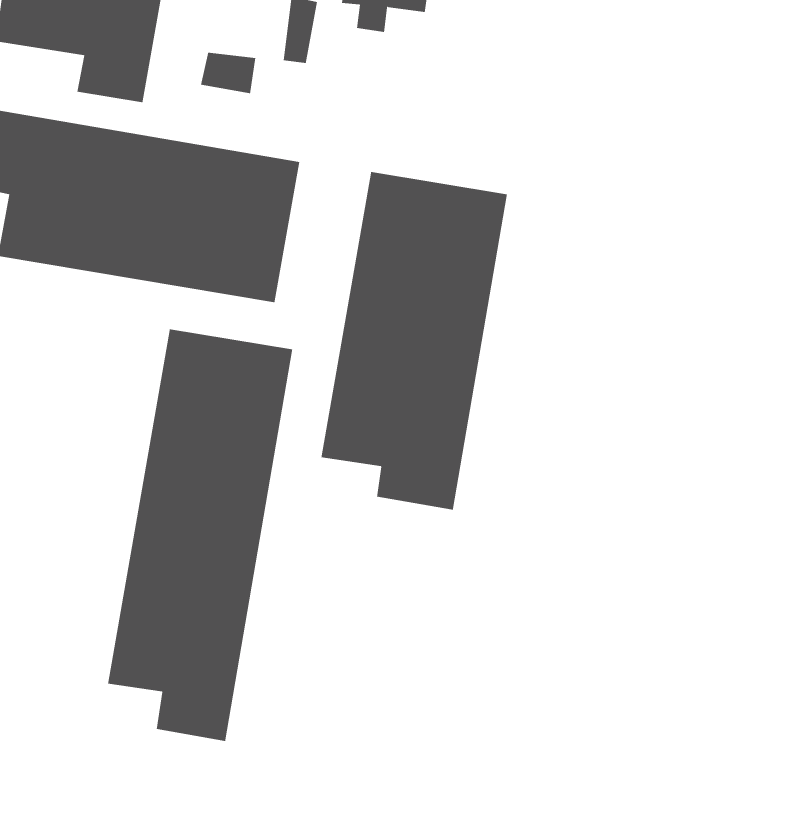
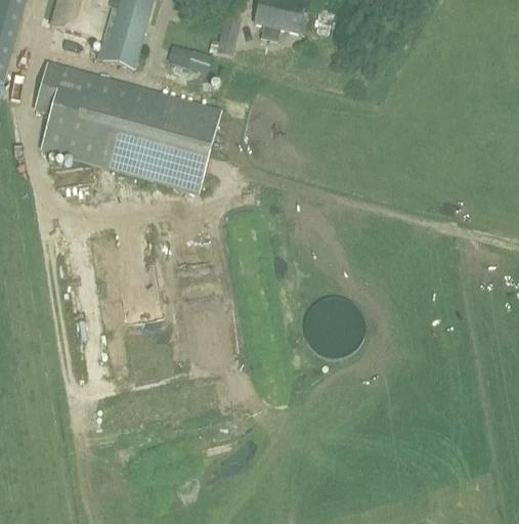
building: [321,171,507,511] -> none
building: [107,328,293,742] -> none

